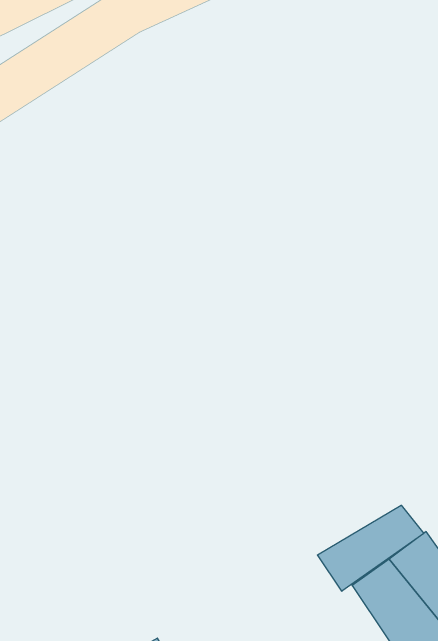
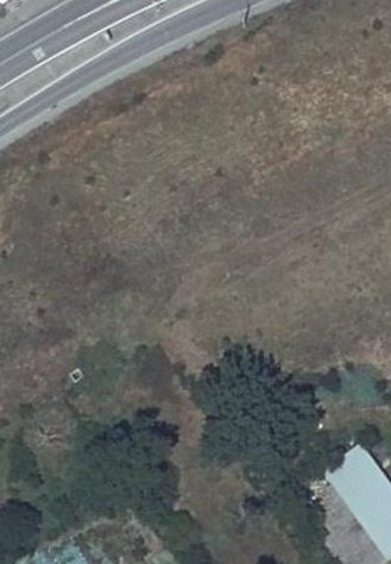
building: [317,505,424,591] -> none

